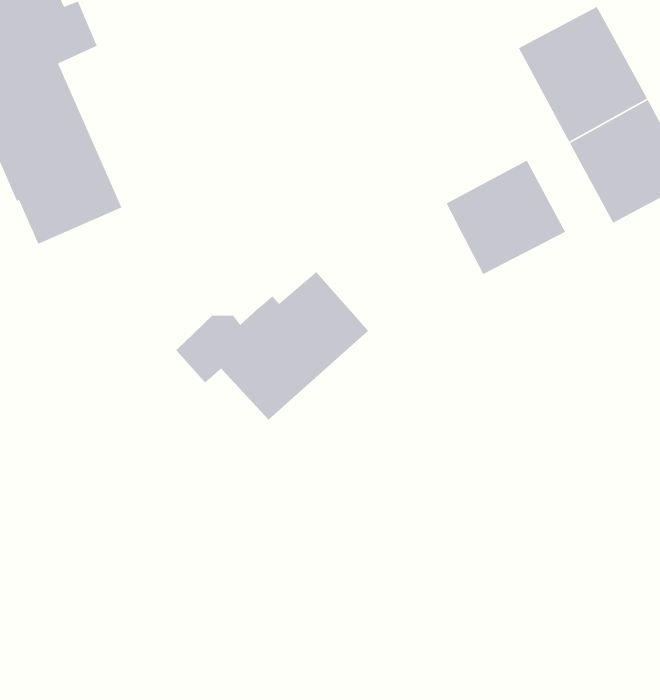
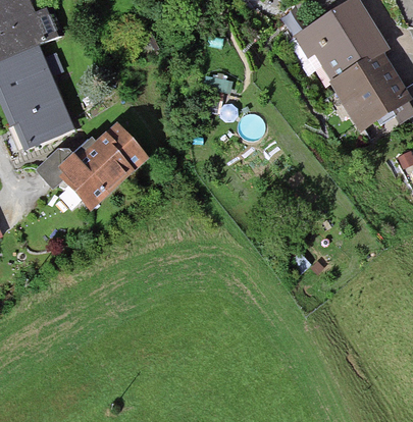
building: [445,159,566,275] -> none
building: [175,271,369,420] -> [37,119,149,206]

